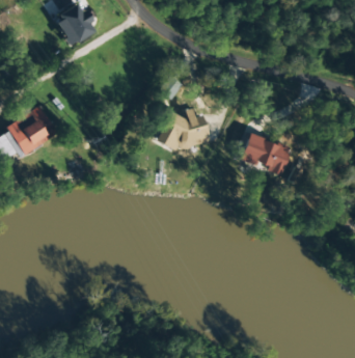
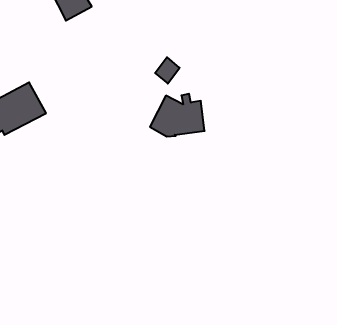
building: [240,133,292,173] -> none

